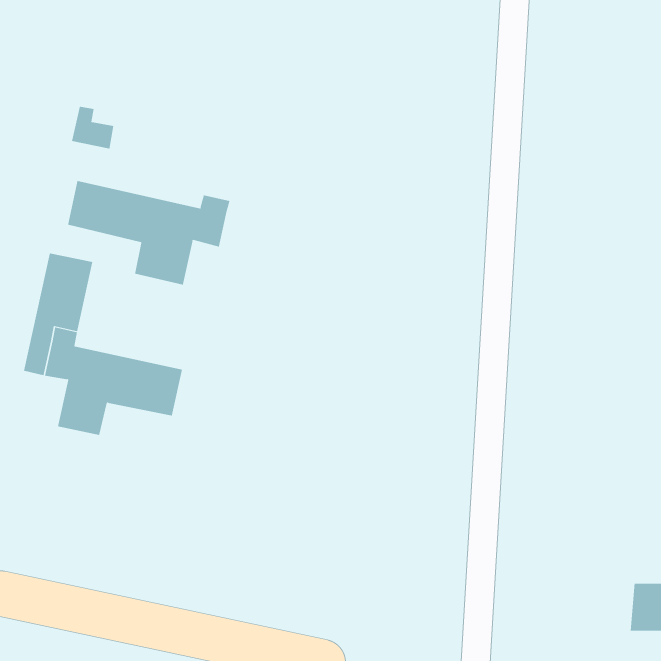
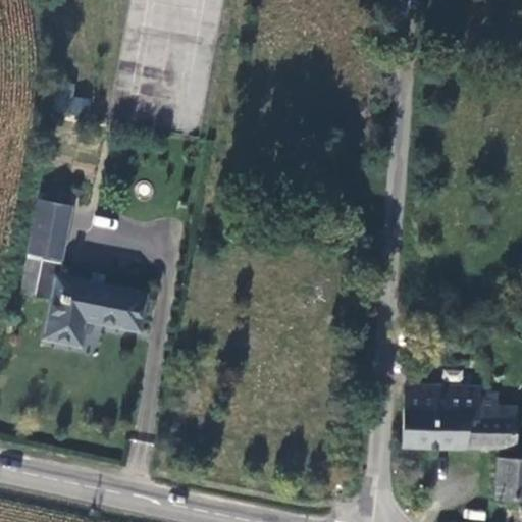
building: [67,180,230,285] -> none
building: none -> [404,386,515,450]

